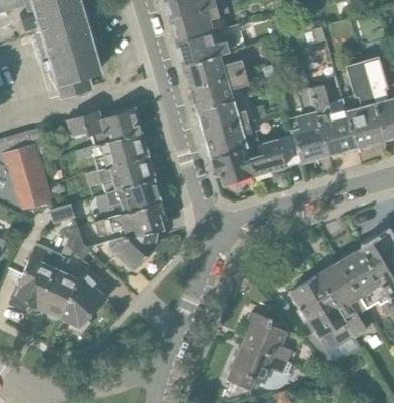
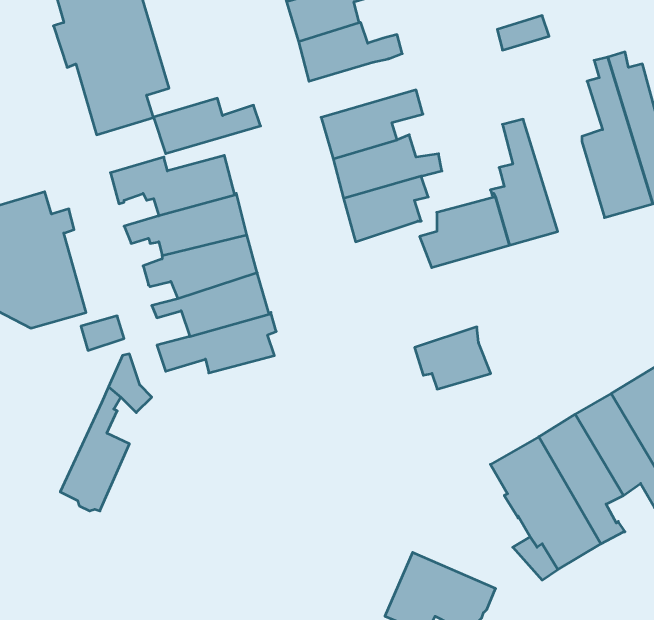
building: [183,55,246,87] -> [153,98,261,154]
building: [309,84,357,154] -> none
building: [211,148,255,184] -> [415,327,491,389]
building: [106,227,164,270] -> none
building: [12,243,62,308] -> none
building: [61,268,107,332] -> none
building: [244,313,298,364] -> none

